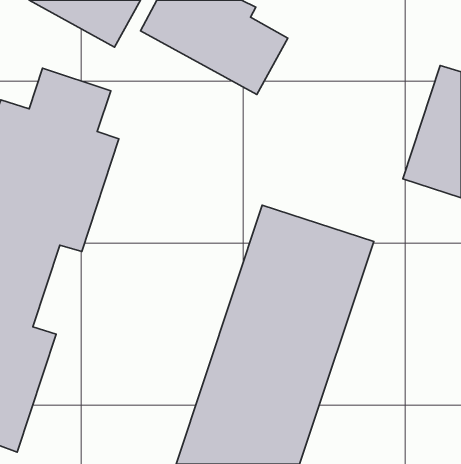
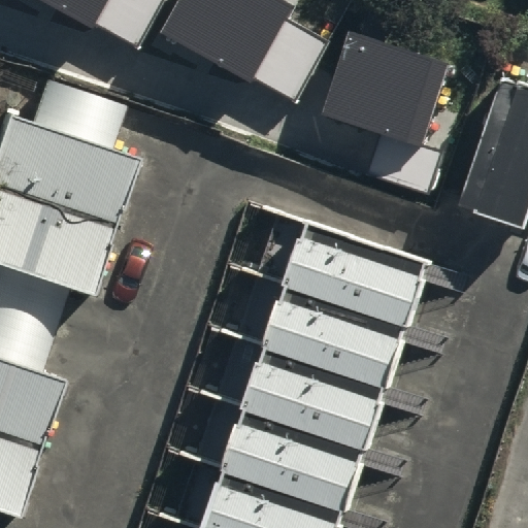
building: none -> [319,30,448,192]

